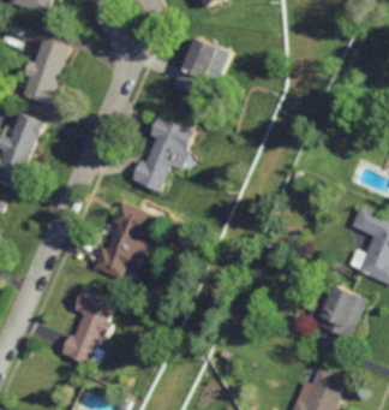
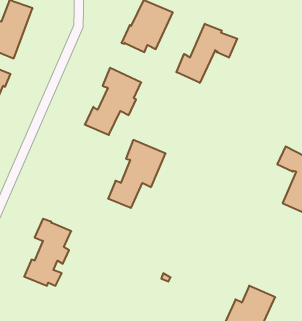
building: none -> [176,24,237,83]
building: [91,201,157,279] -> [108,140,166,208]
building: [305,284,366,339] -> none

